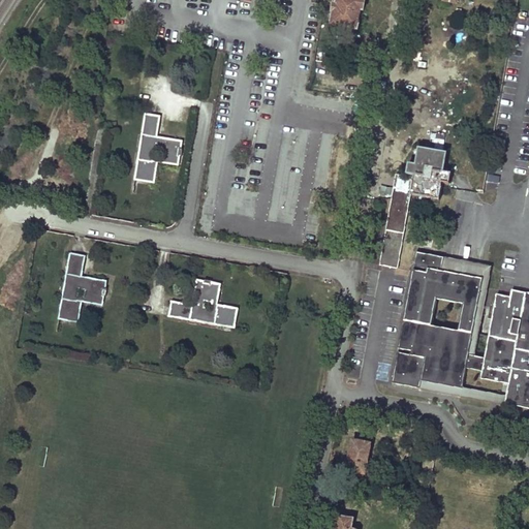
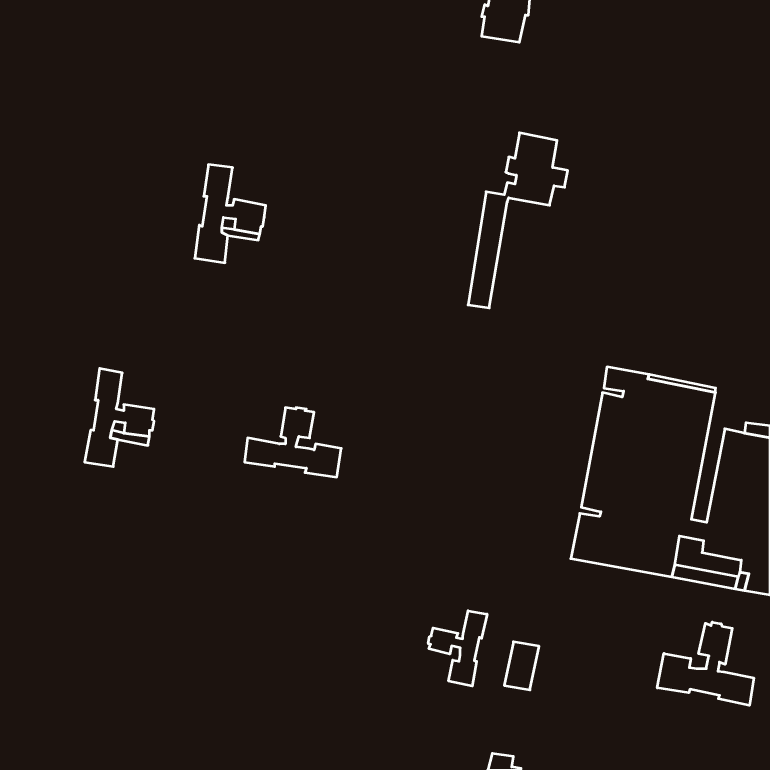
building: [382,147,450,267] -> [468,133,568,308]
building: none -> [428,611,487,686]
building: none -> [657,622,754,705]

